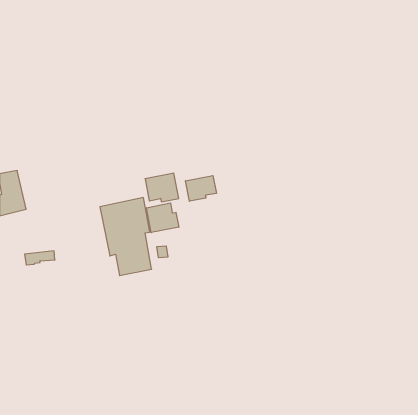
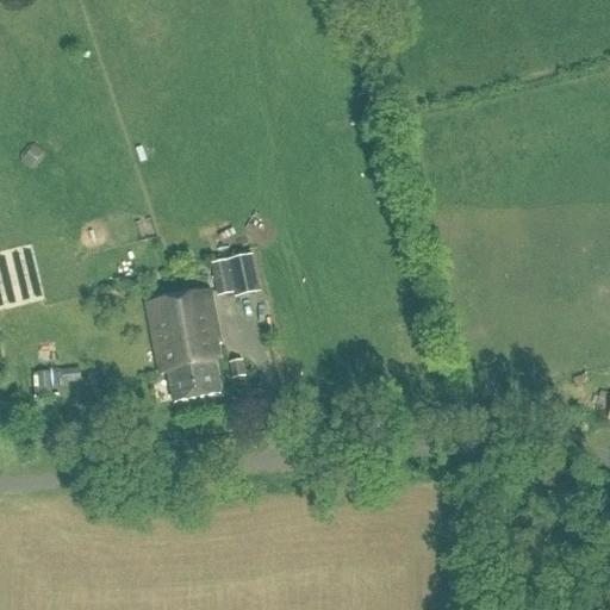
building: [185,176,216,201] -> none
building: [147,203,179,233] -> none

